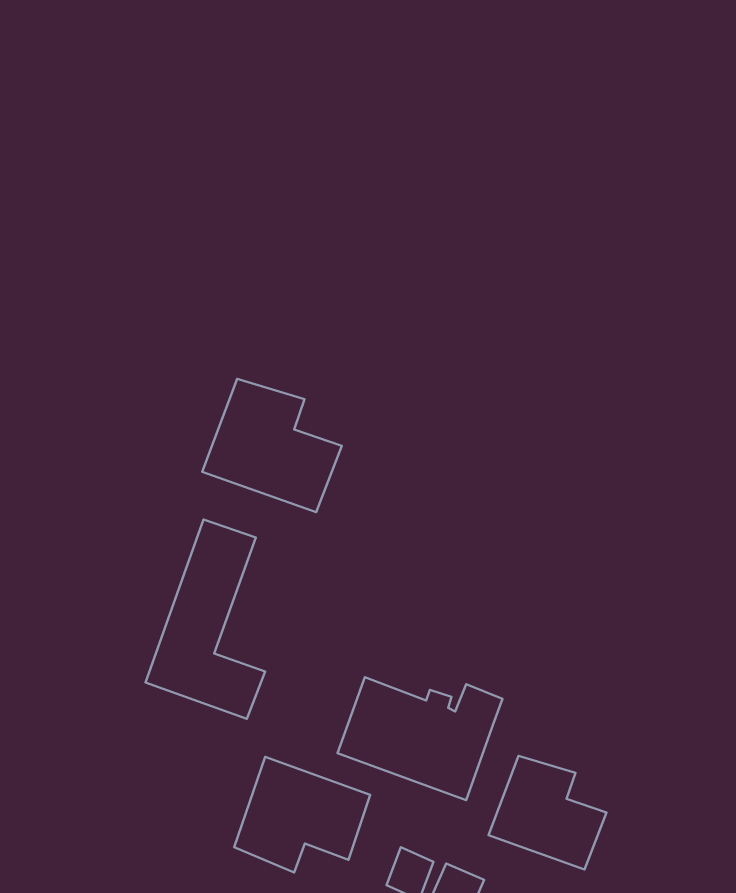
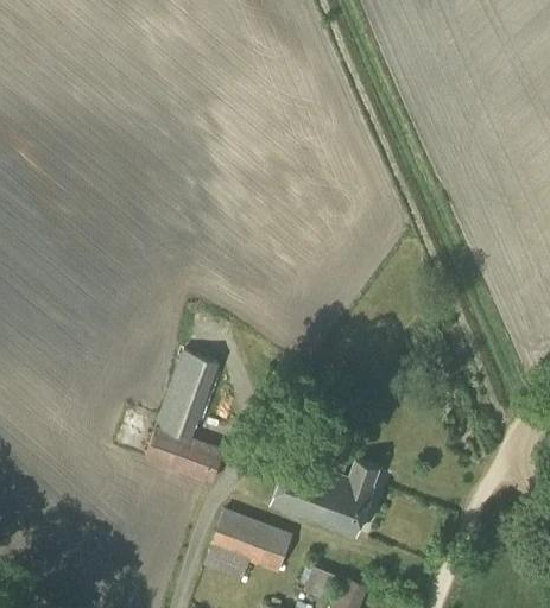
building: [202,379,342,512] -> none
building: [488,756,607,869] -> none

